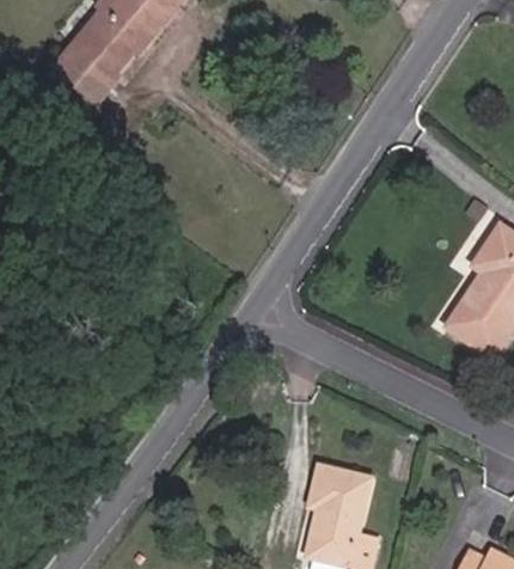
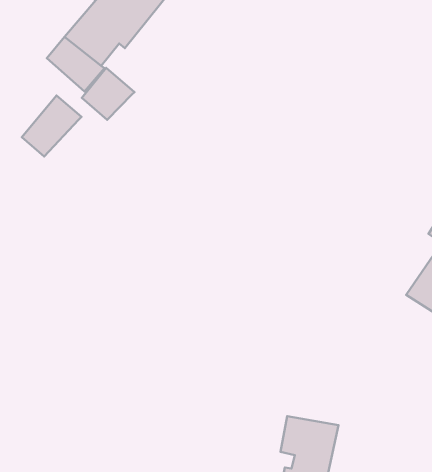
building: none -> [82,68,135,120]
building: none -> [22,96,82,157]

